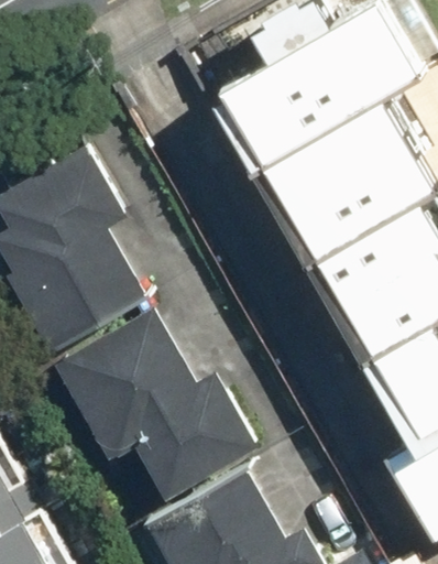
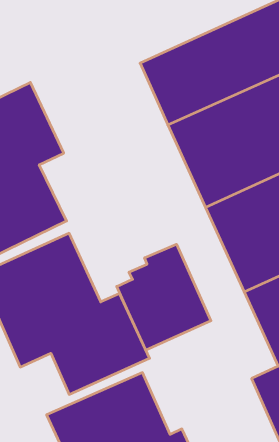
building: none -> [117,244,211,350]

